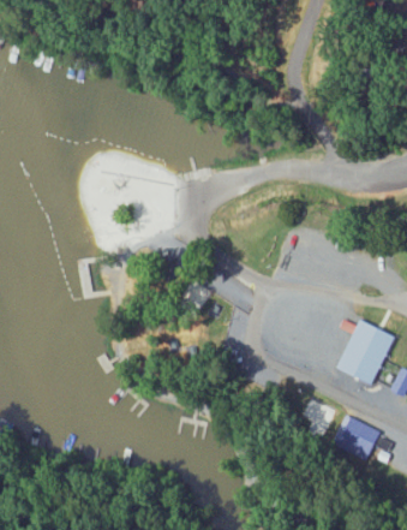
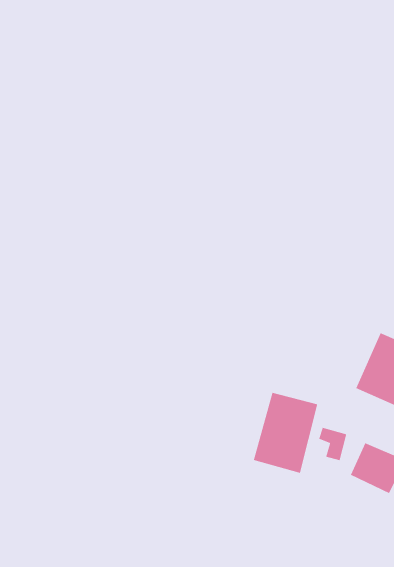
building: none -> [253,392,318,474]

